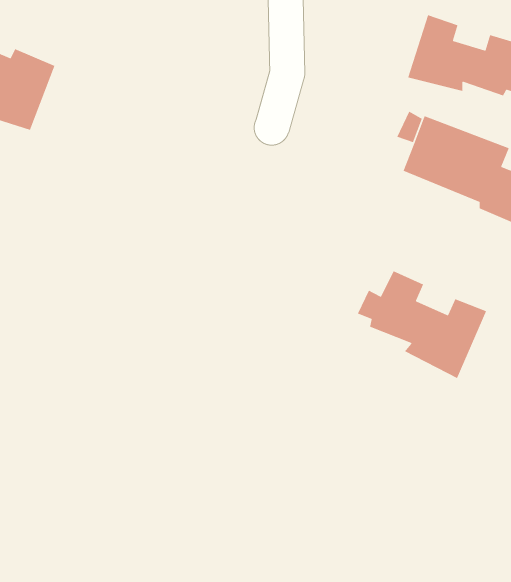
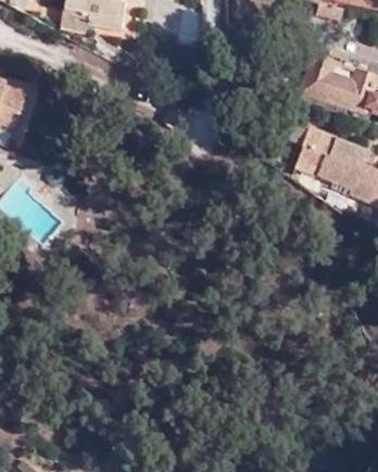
building: [357,270,487,379] -> none

